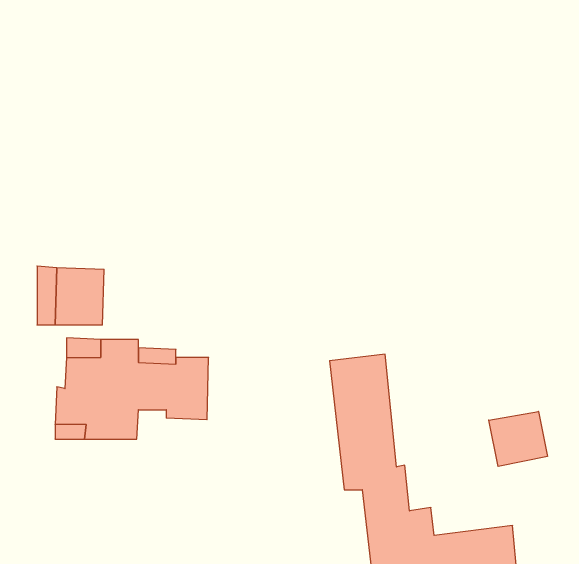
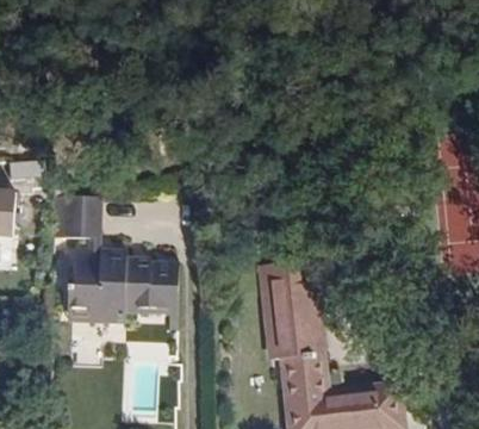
building: [489,411,547,466] -> none

